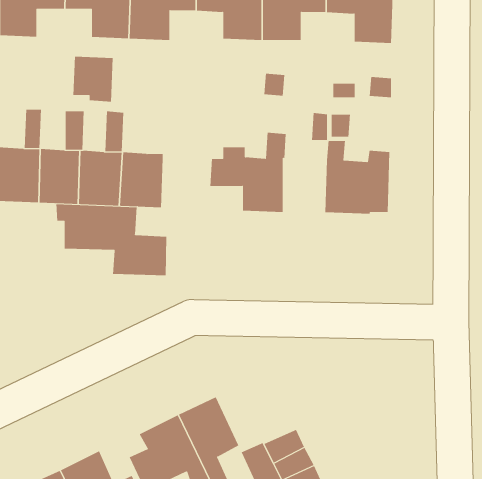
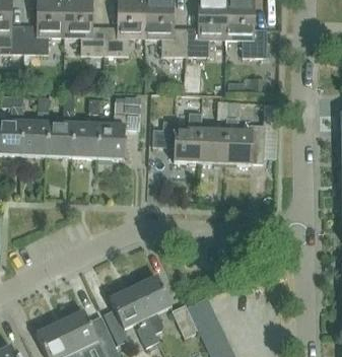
building: [73,56,114,102] -> [115,101,140,130]
building: none -> [199,129,225,162]
building: [56,204,167,276] -> none

